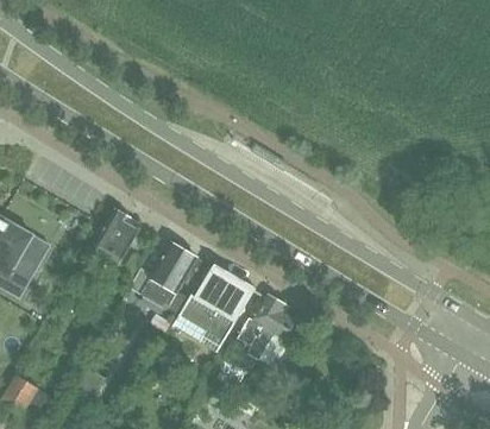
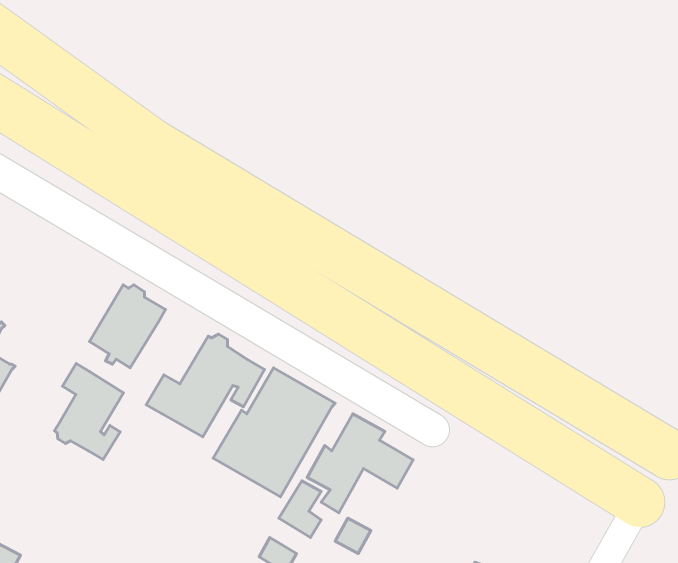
building: none -> [54,363,124,460]

